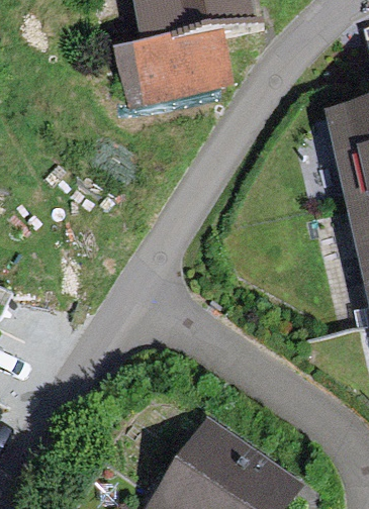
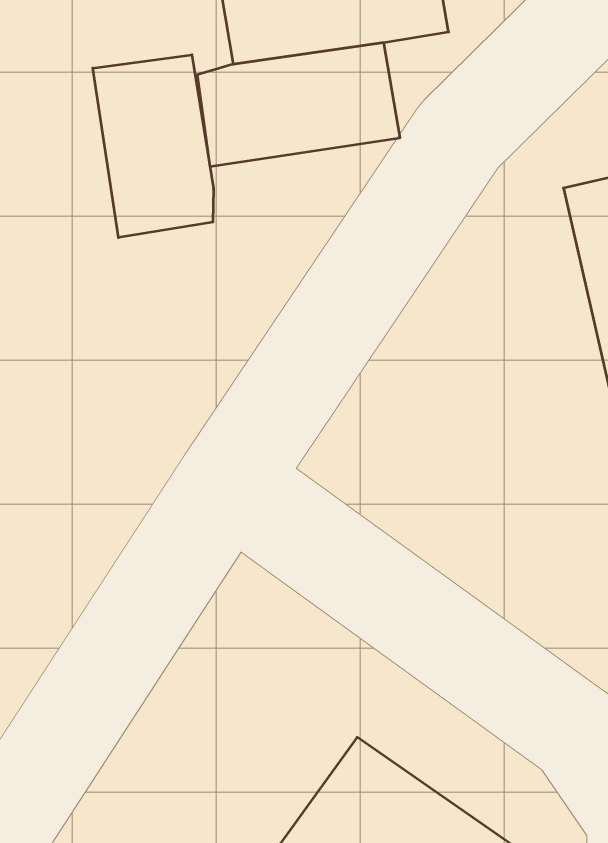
building: none -> [93,55,213,238]

